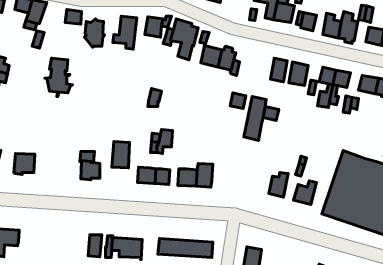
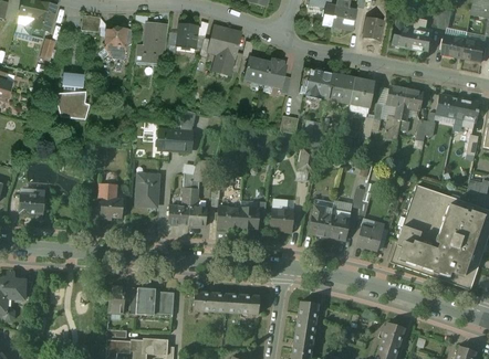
building: none -> [300,68,333,102]
building: none -> [158,131,193,151]
building: none -> [308,207,331,237]
building: none -> [269,211,292,234]

